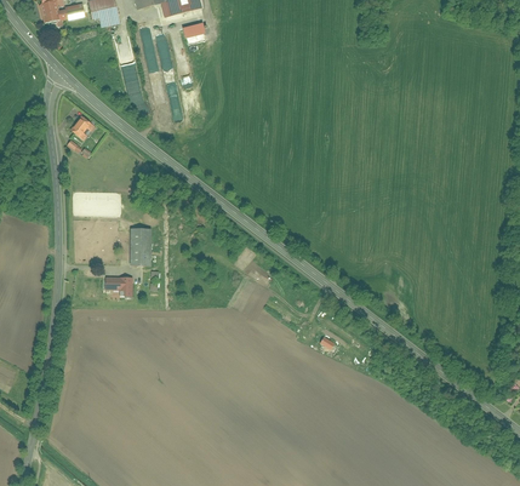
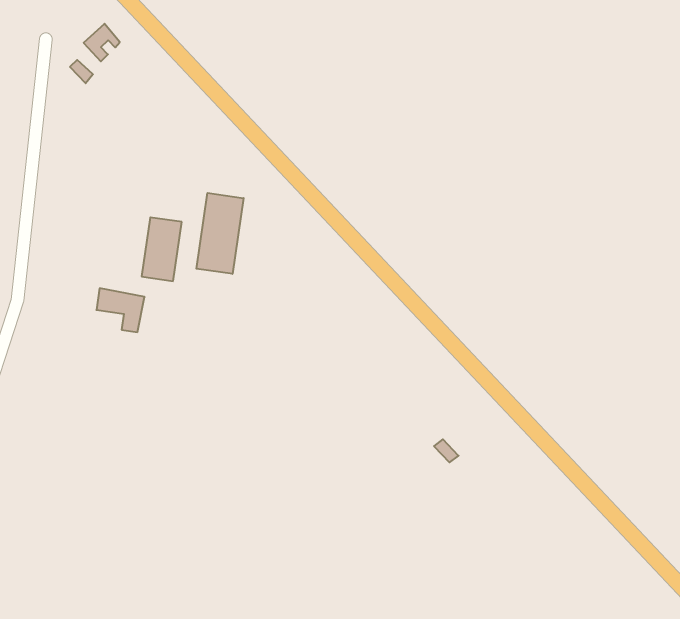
building: none -> [196,193,244,274]

